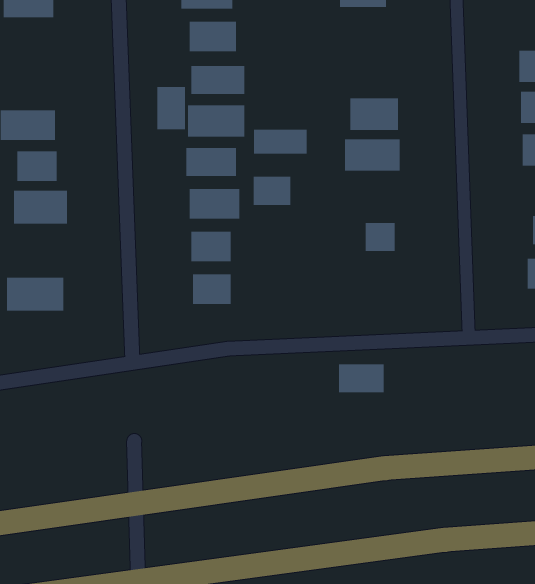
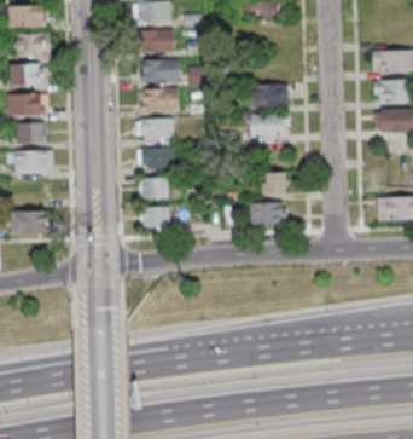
building: none -> [16,34,50,56]
building: none -> [11,64,40,83]
building: [157,86,185,130] -> none
building: [254,129,307,154] -> none
building: [253,176,291,206] -> none
building: [338,364,384,393] -> [251,202,284,223]

